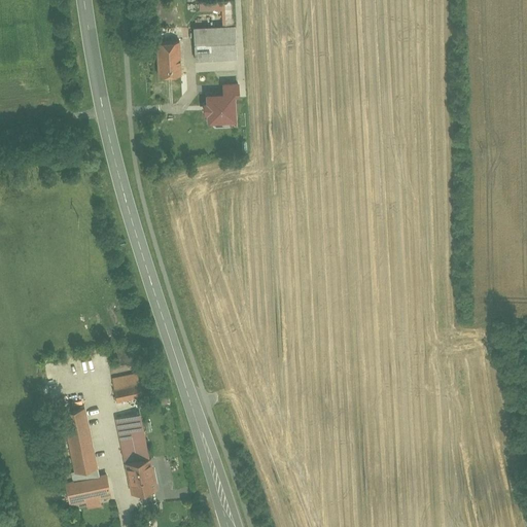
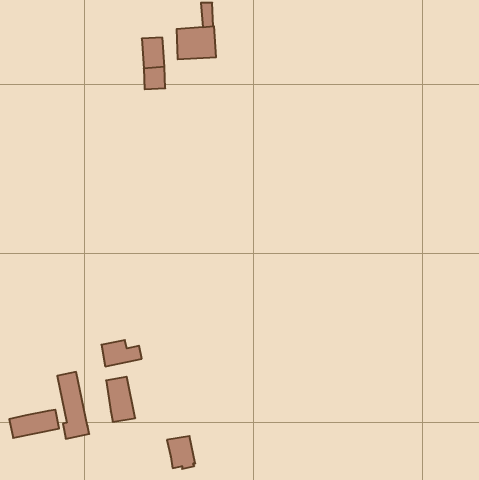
building: [204,83,239,121] -> none
building: [124,458,154,494] -> [167,436,195,469]
building: [55,475,109,505] -> [9,410,59,438]

